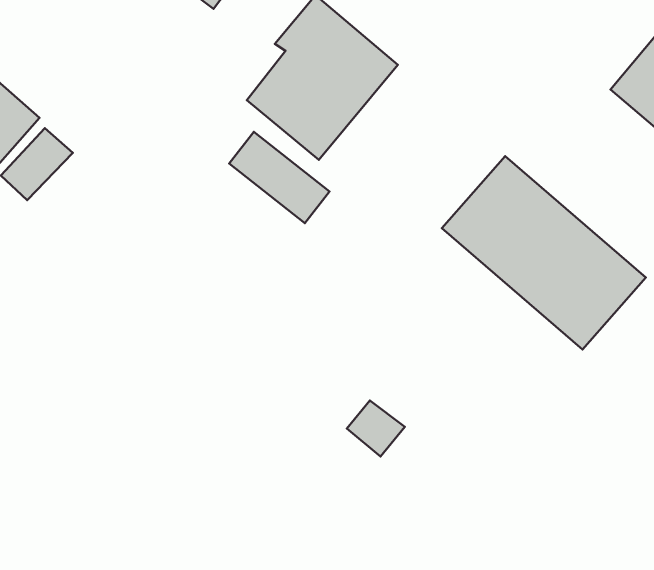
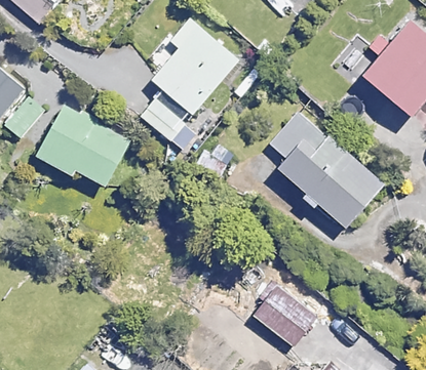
building: none -> [36,105,130,186]
building: none -> [254,284,316,344]

